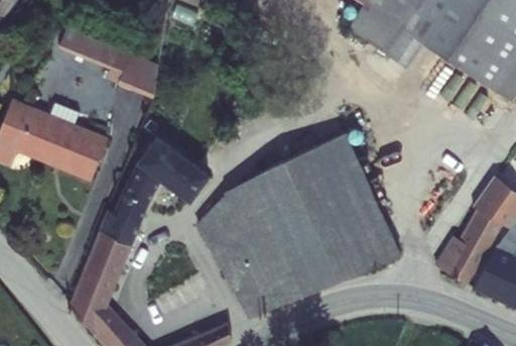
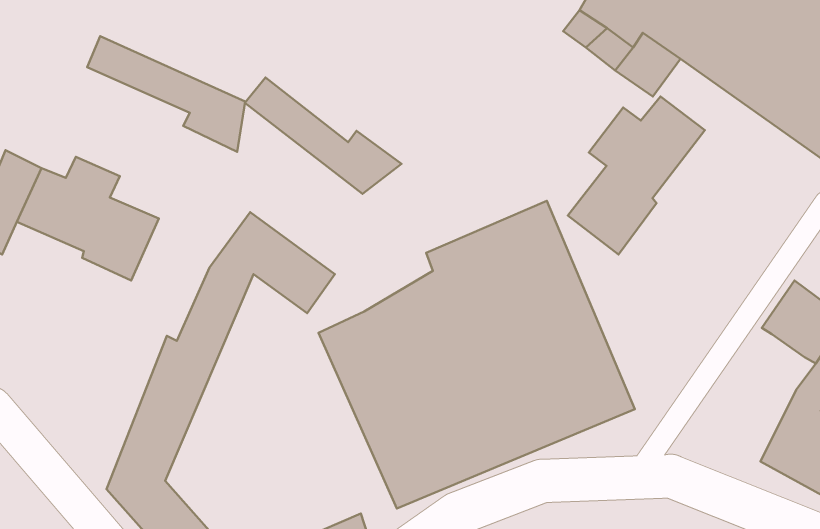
building: none -> [245,77,402,194]
building: none -> [568,96,705,254]
building: [439,212,502,286] -> none

